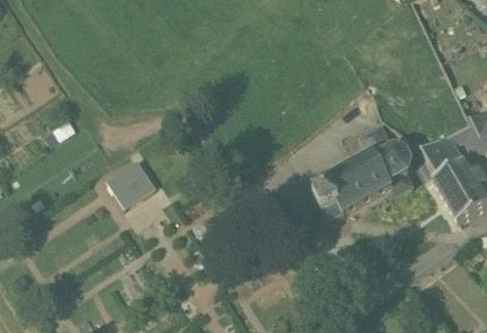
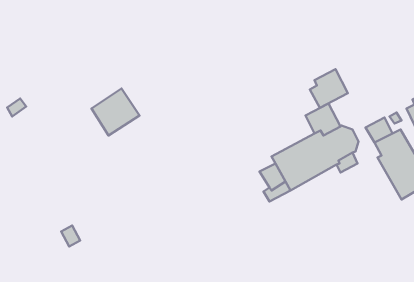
building: none -> [310,69,348,108]
building: [107,159,156,208] -> [92,89,140,136]

